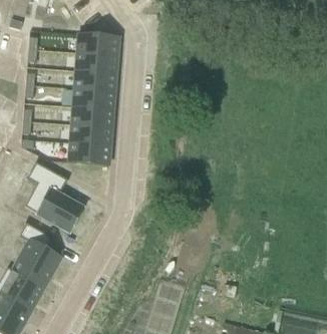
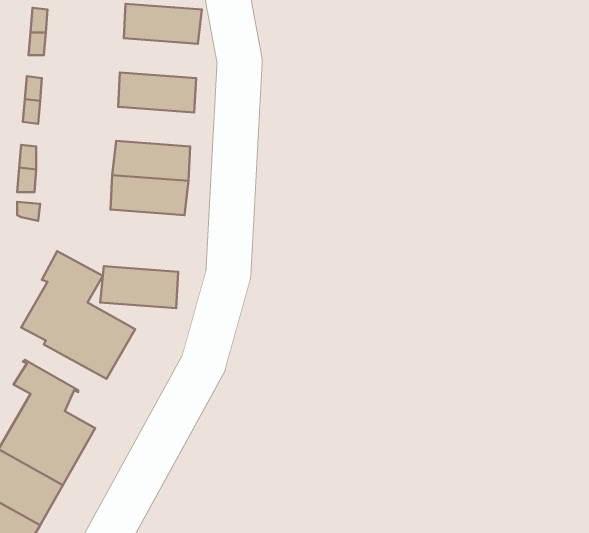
building: [76,52,117,73] -> none
building: [74,88,115,109] -> none
building: [69,142,110,164] -> [100,266,178,308]

